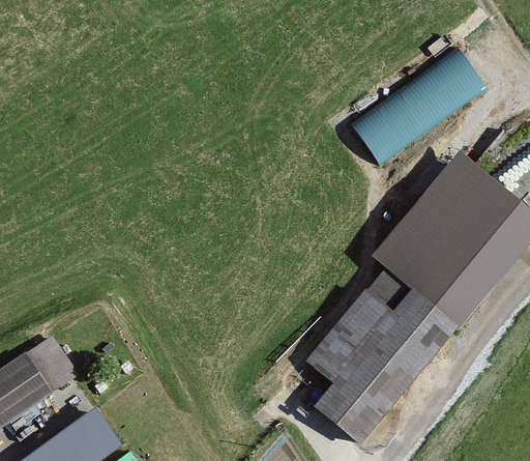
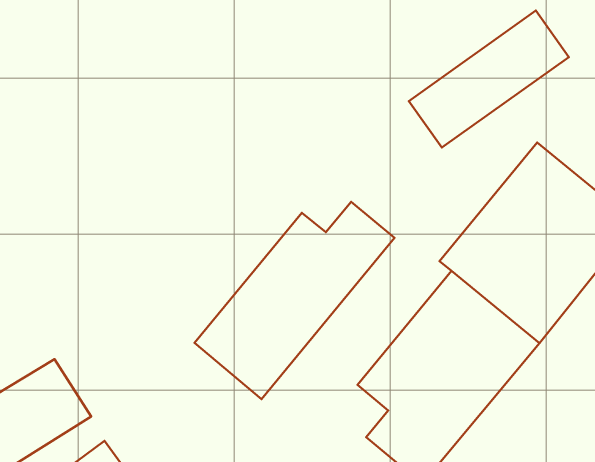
building: none -> [194,202,394,399]

